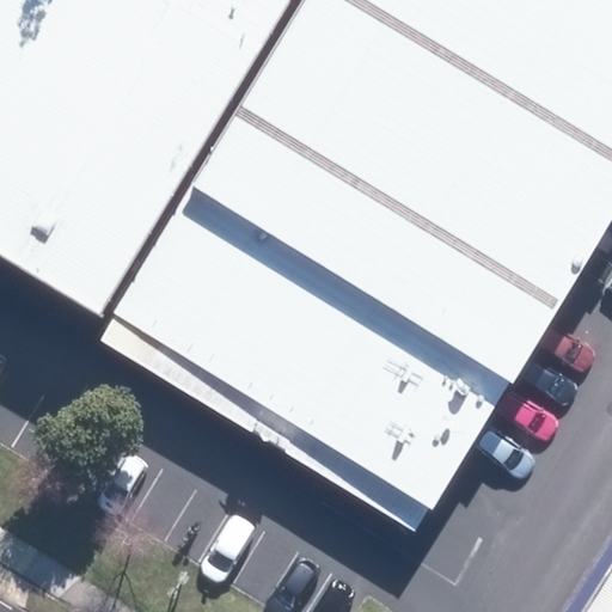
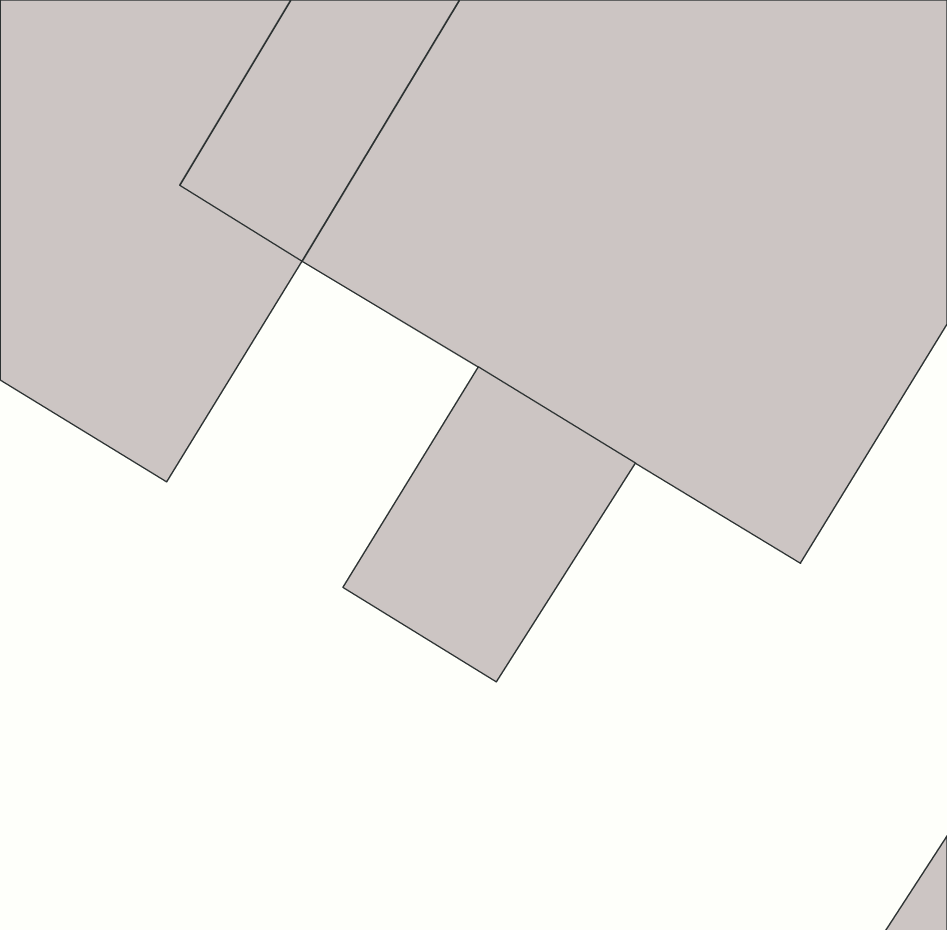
building: [108,179,308,390] -> none
building: [320,310,516,519] -> none

